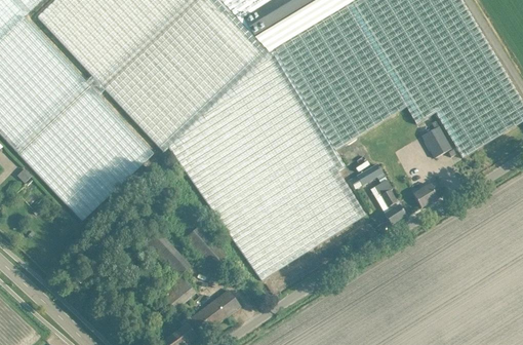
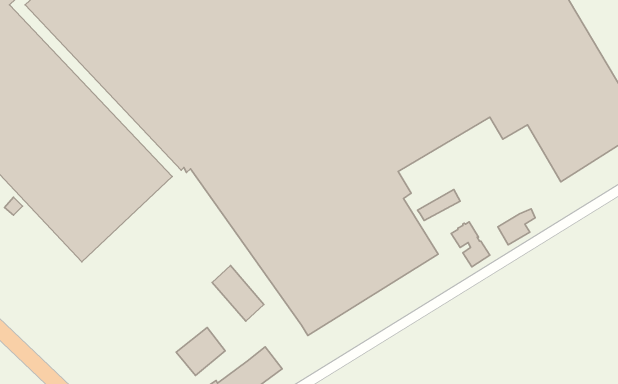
building: [423,119,451,156] -> none

